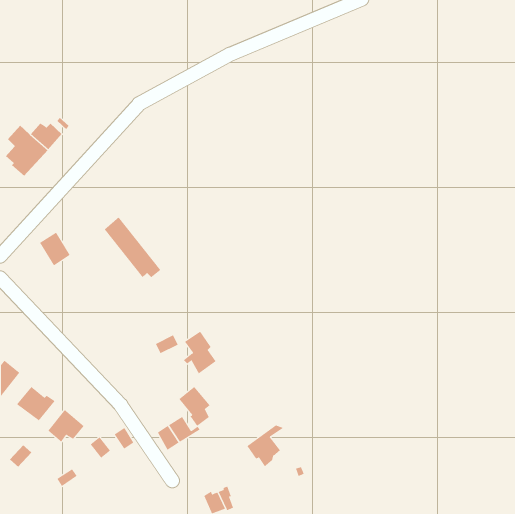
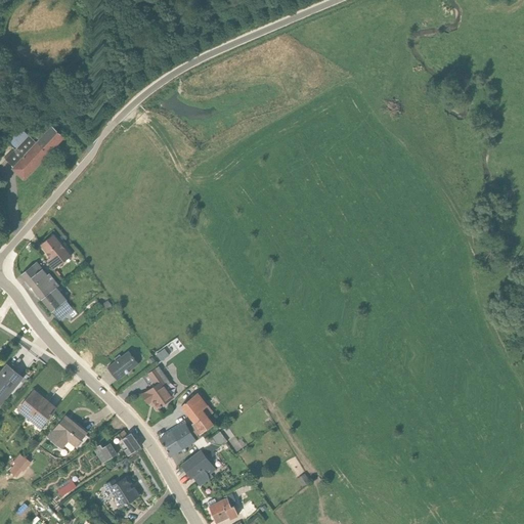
building: [104,216,161,278] -> [21,262,80,324]
building: [183,331,217,374] -> [141,365,175,409]
building: none -> [106,350,139,380]
building: [246,425,284,467] -> [181,443,219,486]
building: none -> [103,477,138,506]

